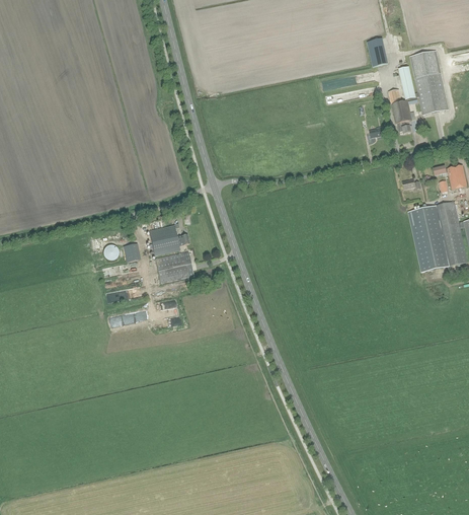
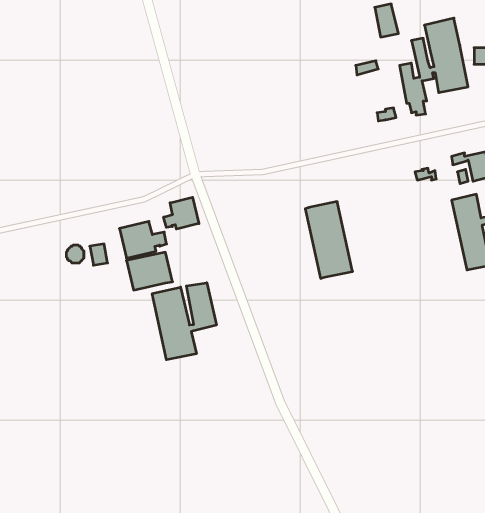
building: none -> [164,197,199,229]
building: [406,206,447,272] -> [305,202,353,278]
building: none -> [152,283,216,360]

